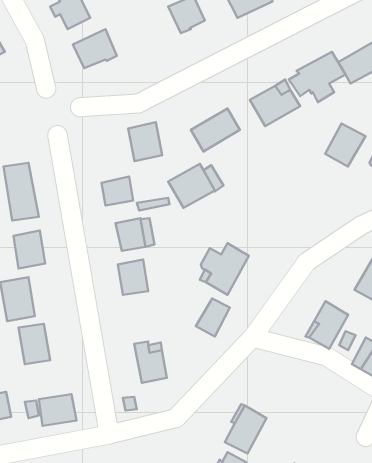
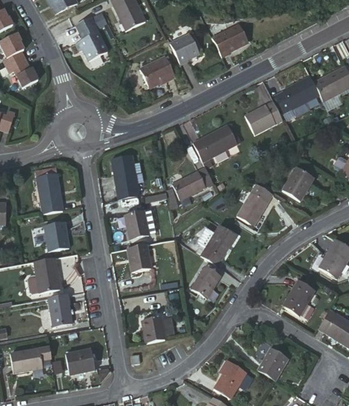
building: [73,29,117,68] -> [138,56,173,87]
building: [128,122,162,161] -> [111,152,138,183]
building: [325,124,365,166] -> [277,170,309,204]
building: none -> [231,188,266,229]
building: none -> [252,346,284,378]

